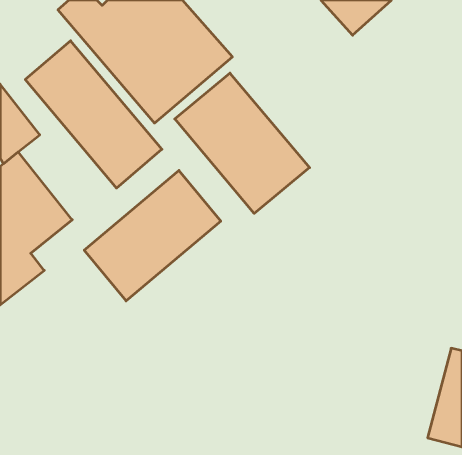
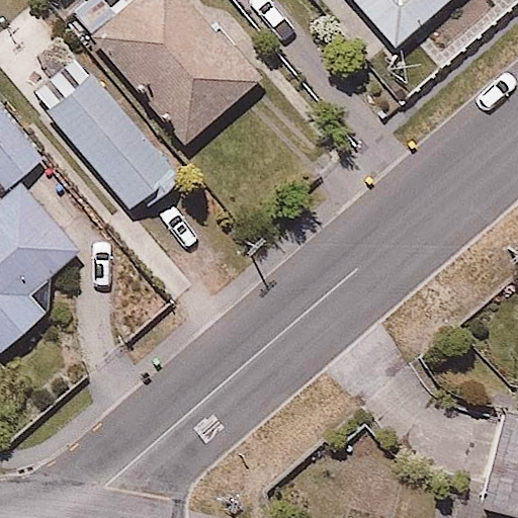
building: [175,73,310,213] -> none
building: [84,170,221,301] -> none

